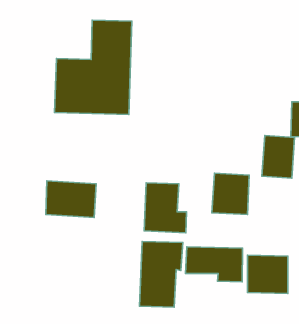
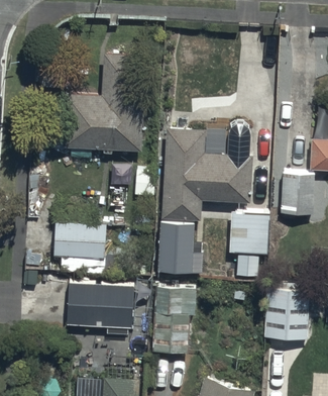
building: none -> [160,122,253,222]
building: none -> [67,285,133,326]
building: [186,247,243,282] -> none

